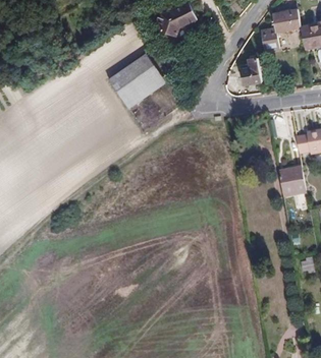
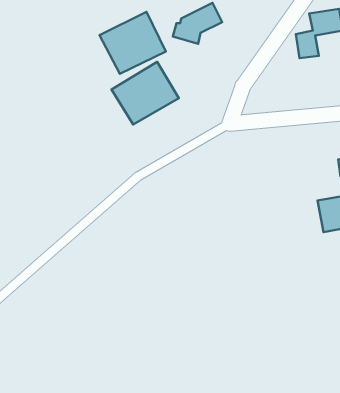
building: none -> [99,12,166,74]
building: [240,58,262,85] -> none

